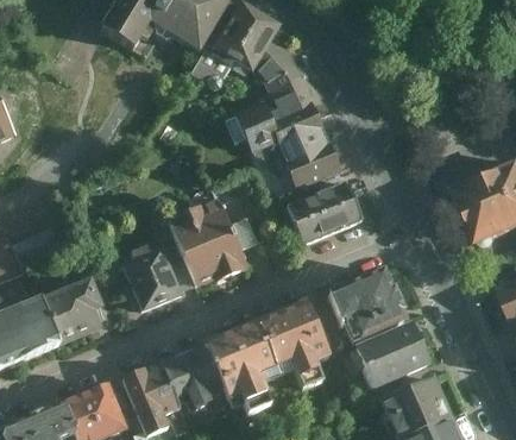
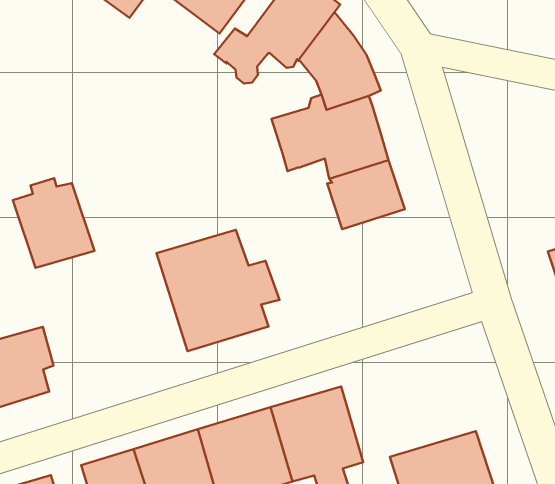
building: [283,178,364,244] -> none
building: [117,244,180,310] -> [13,178,94,268]
building: [327,271,404,342] -> none

